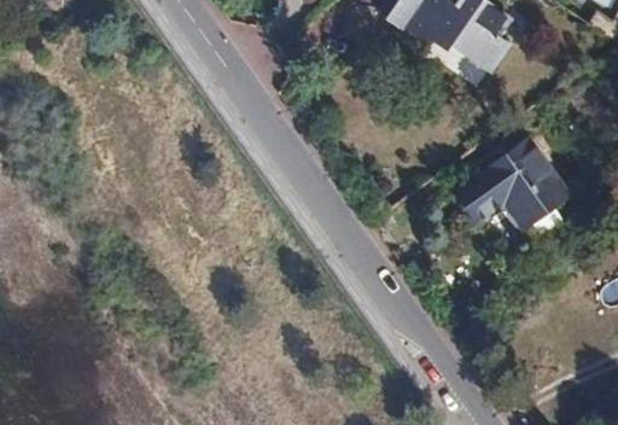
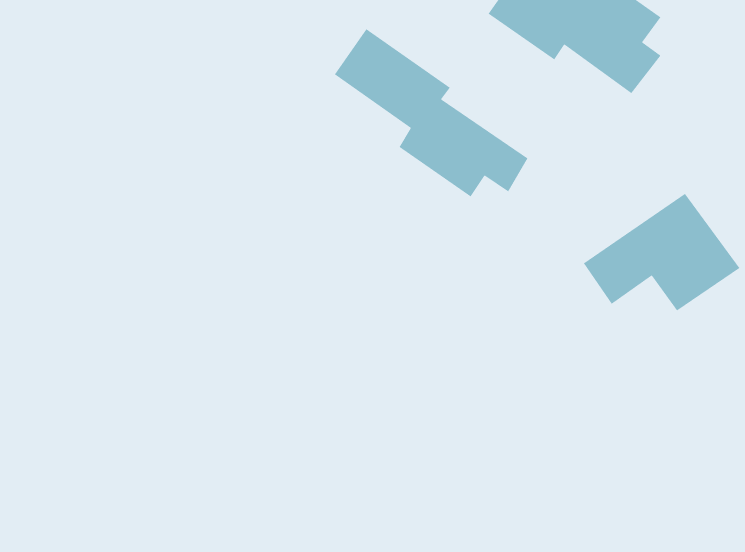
building: none -> [334,28,529,198]

